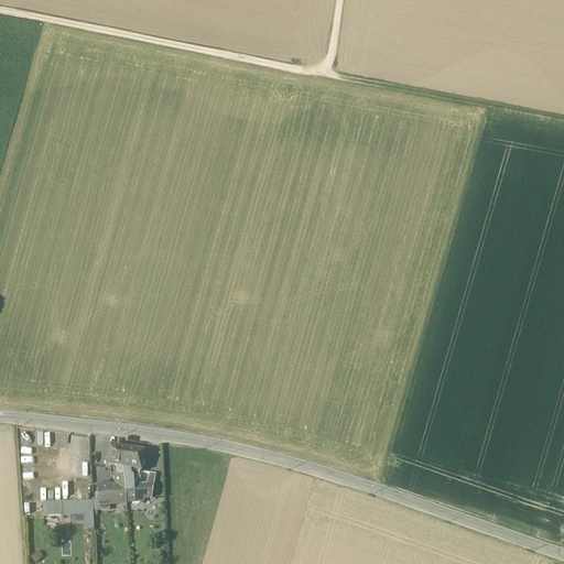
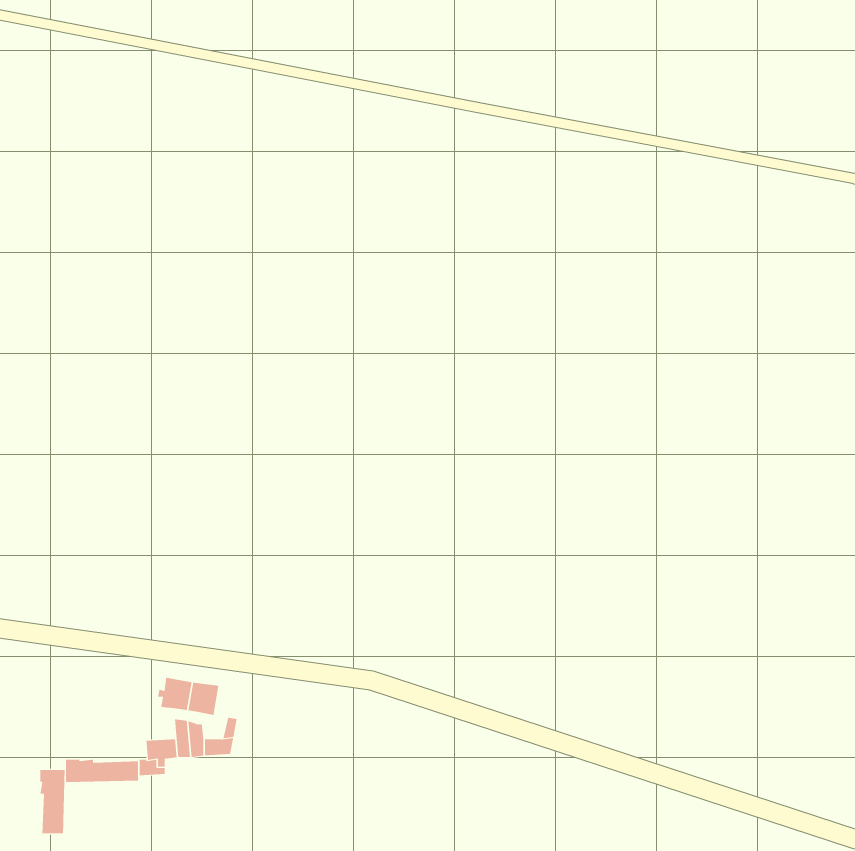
building: none -> [40,769,65,834]

